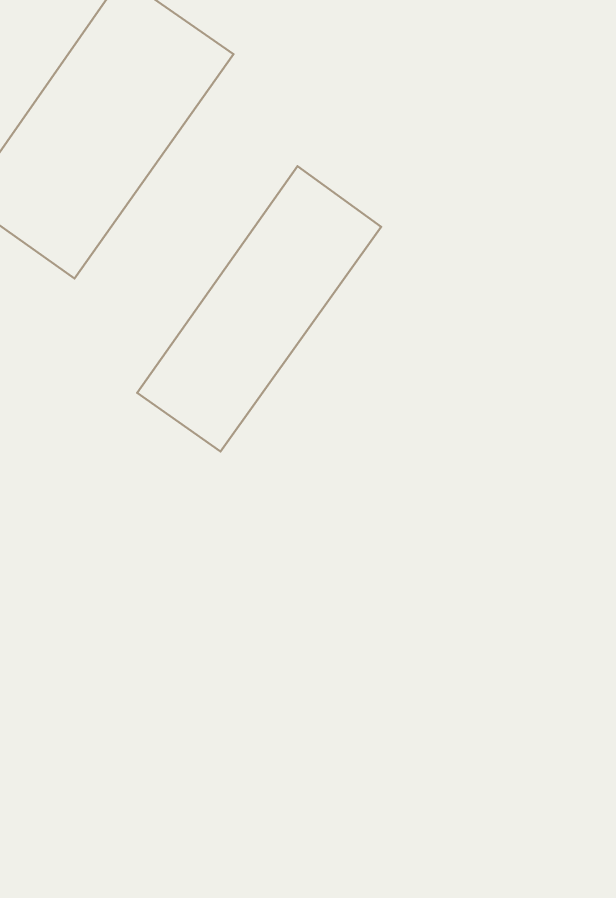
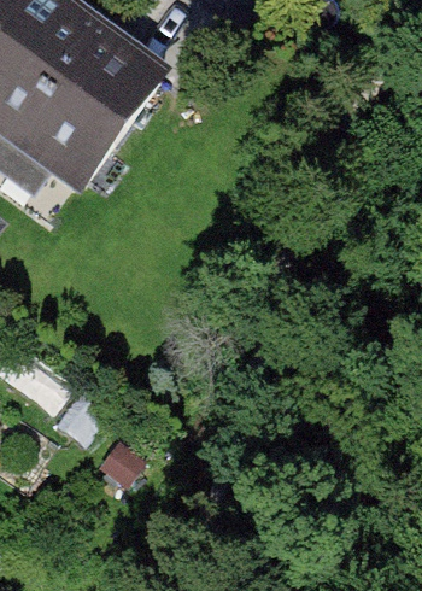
building: [137,166,381,452] -> none

